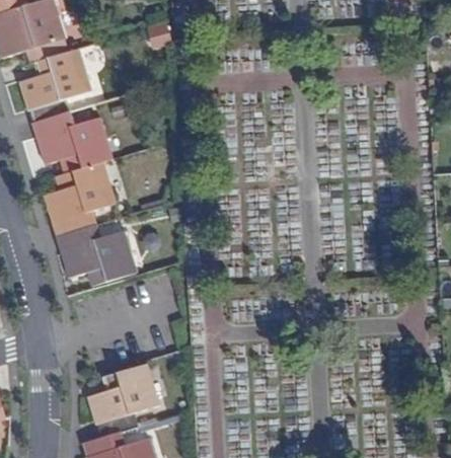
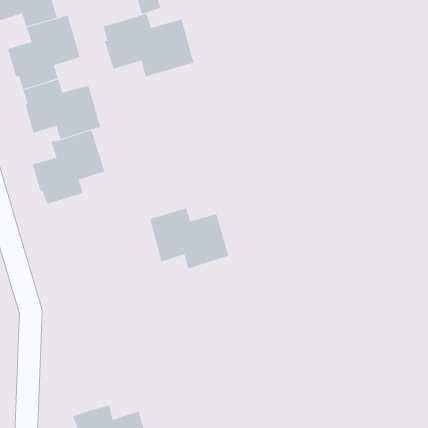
building: none -> [103,13,194,78]
building: [59,222,137,283] -> [150,207,229,269]
building: [89,362,160,435] -> none

